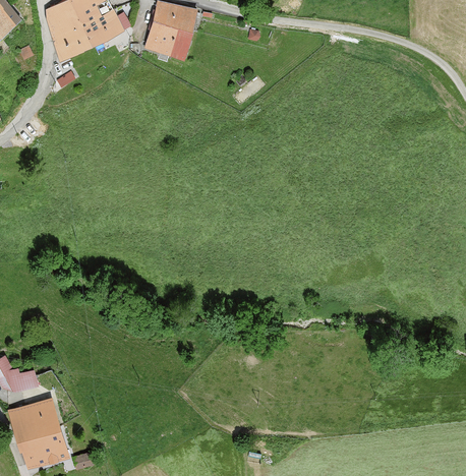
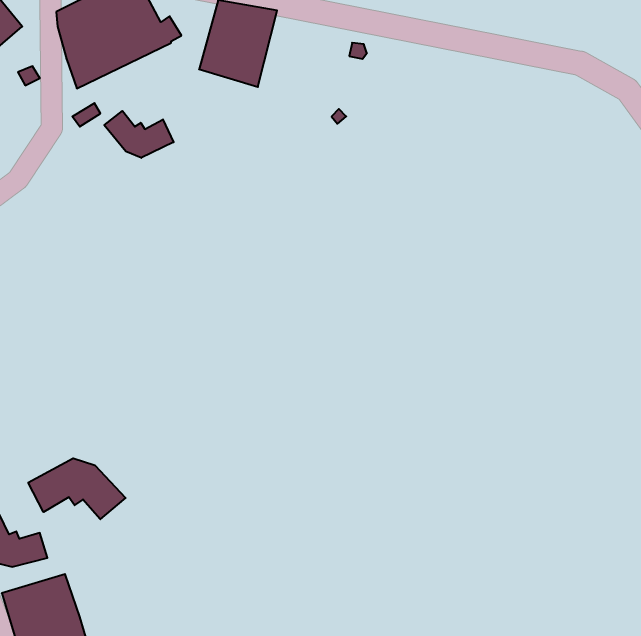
building: none -> [104,111,174,158]
building: none -> [28,458,126,519]

